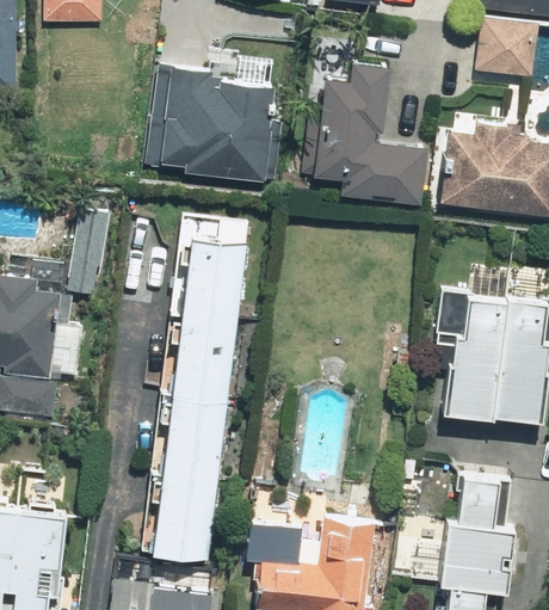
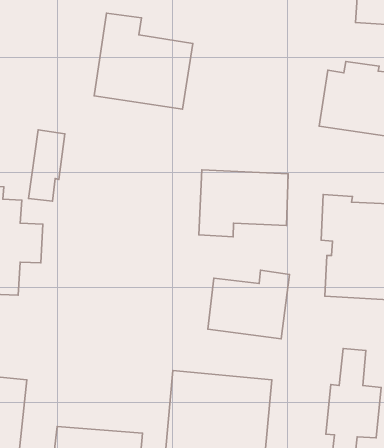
building: [314,66,426,202] -> none
building: [146,212,249,565] -> none
building: none -> [199,170,288,237]
building: none -> [208,270,290,339]

